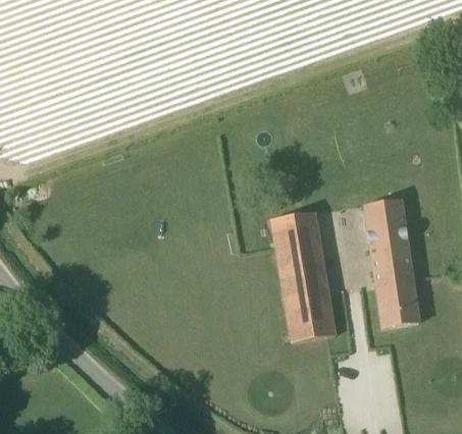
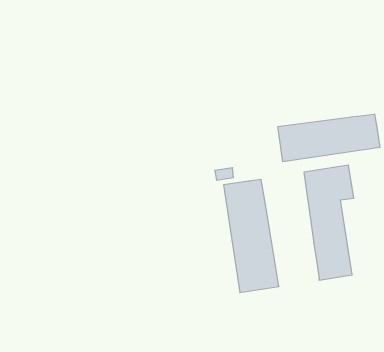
building: none -> [278,114,380,162]

